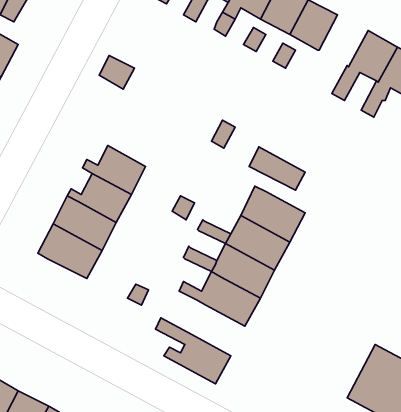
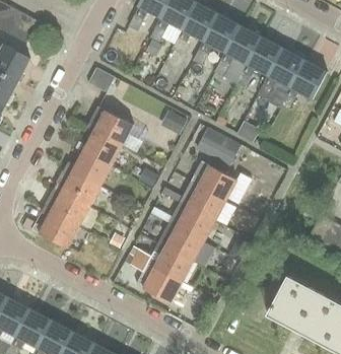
building: none -> [235,38,283,88]
building: none -> [86,107,134,147]
building: none -> [32,214,79,250]
building: none -> [128,243,194,284]

